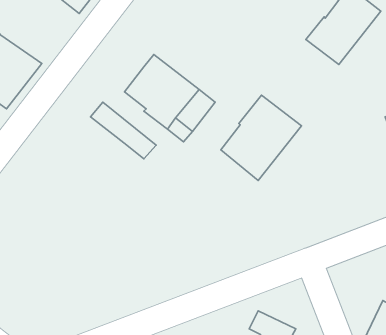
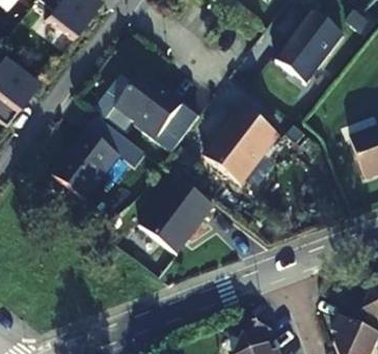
building: none -> [92,79,135,139]
building: none -> [49,134,117,203]
building: none -> [136,183,211,260]

